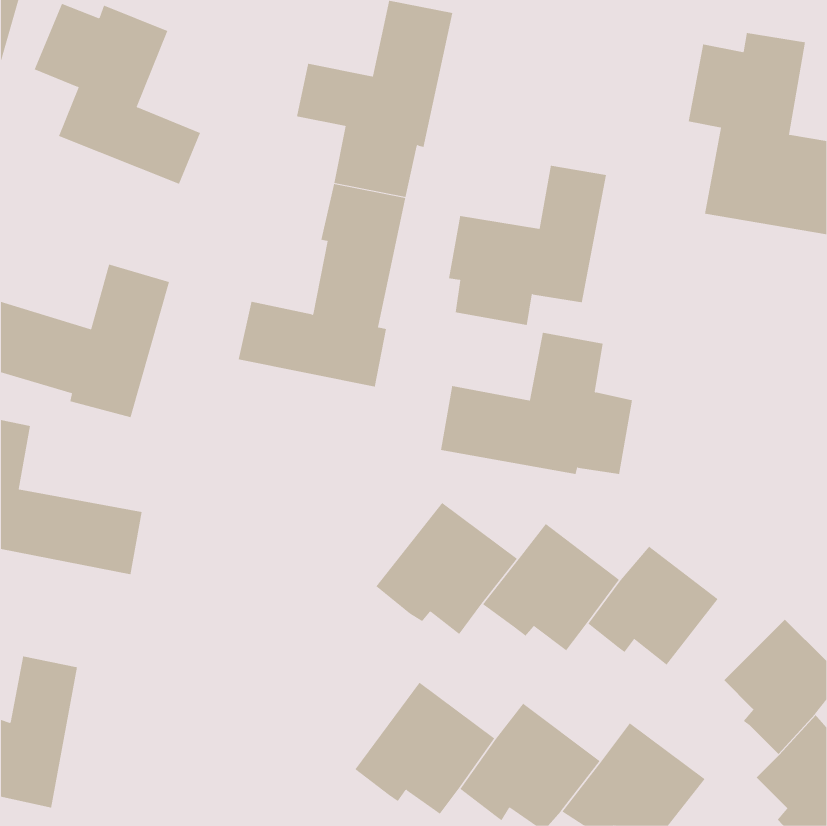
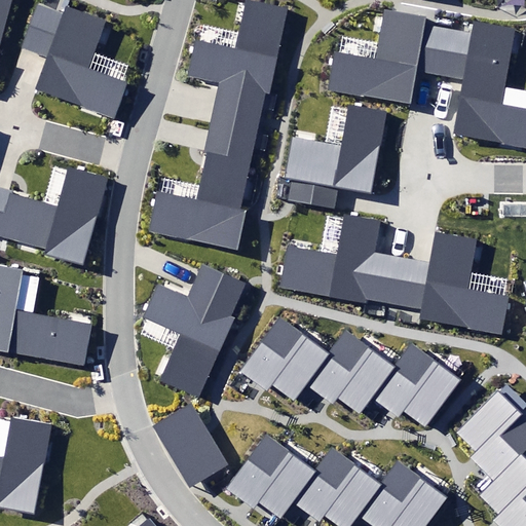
building: none -> [326,9,446,109]
building: none -> [393,227,508,331]
building: none -> [144,264,246,398]
building: none -> [152,404,229,486]

